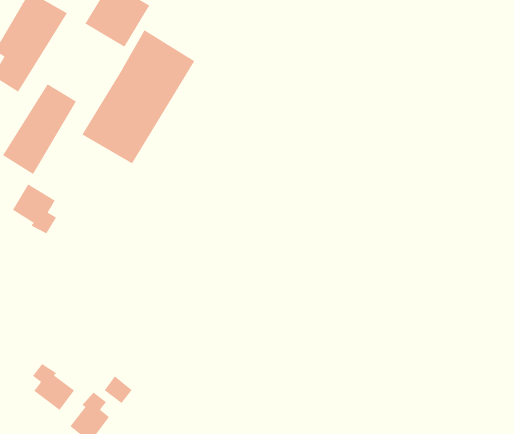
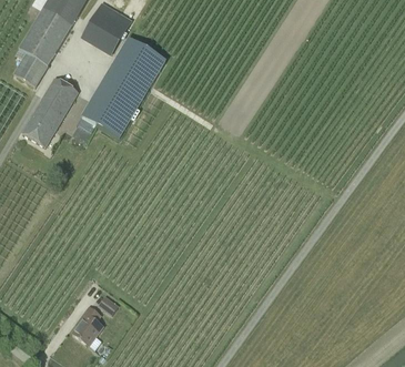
building: [12,183,57,234] -> none
building: [32,363,75,411] -> none

